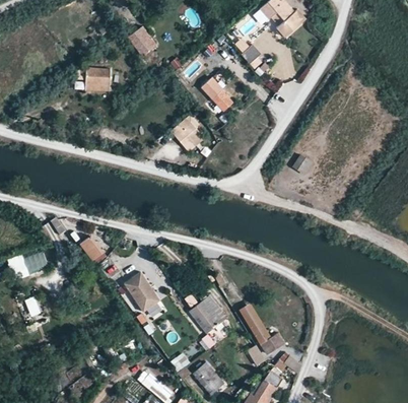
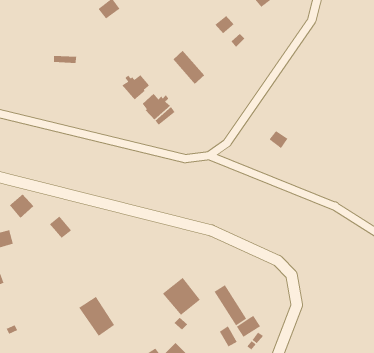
building: [85,67,109,84] -> none
building: none -> [121,74,150,100]
building: [125,272,160,312] -> [78,296,115,337]

